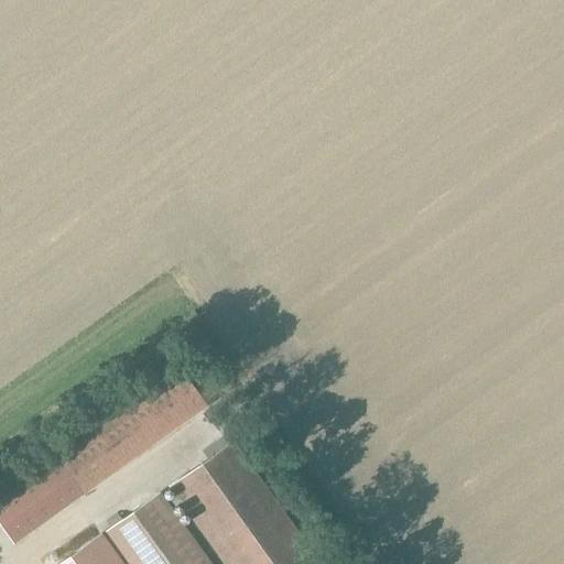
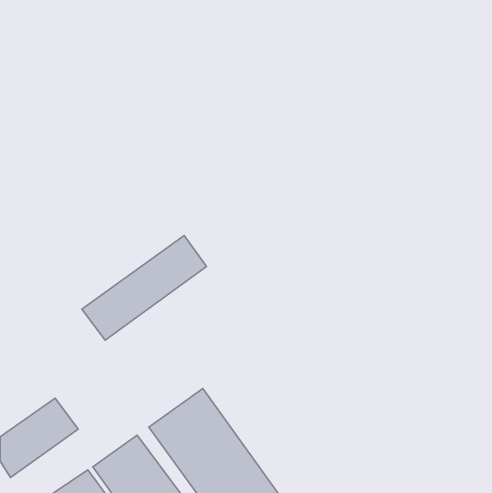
building: [65,371,207,490] -> [82,236,207,340]

